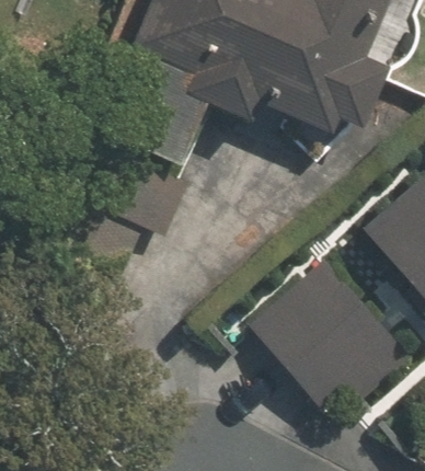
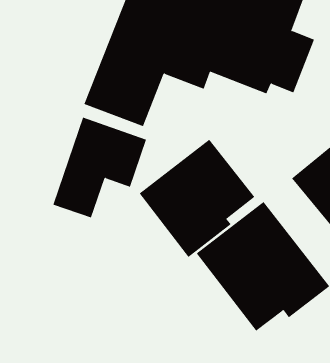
building: none -> [139,139,255,258]

